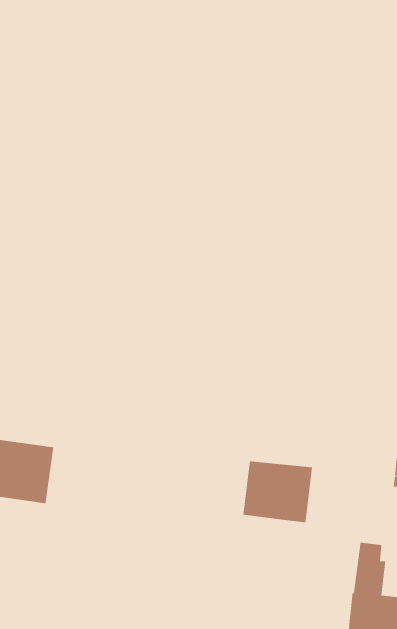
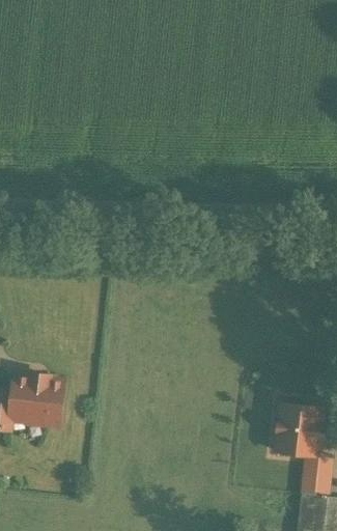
building: [243,461,313,523] -> [275,409,330,457]

